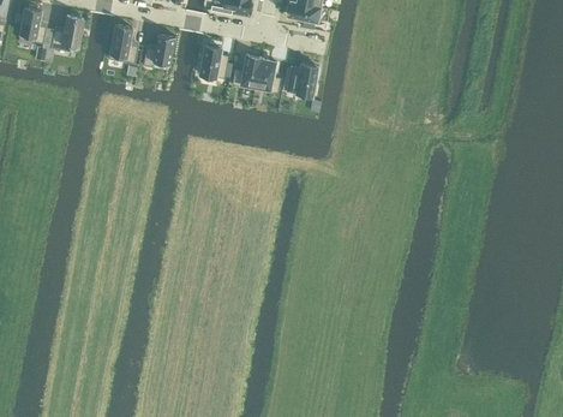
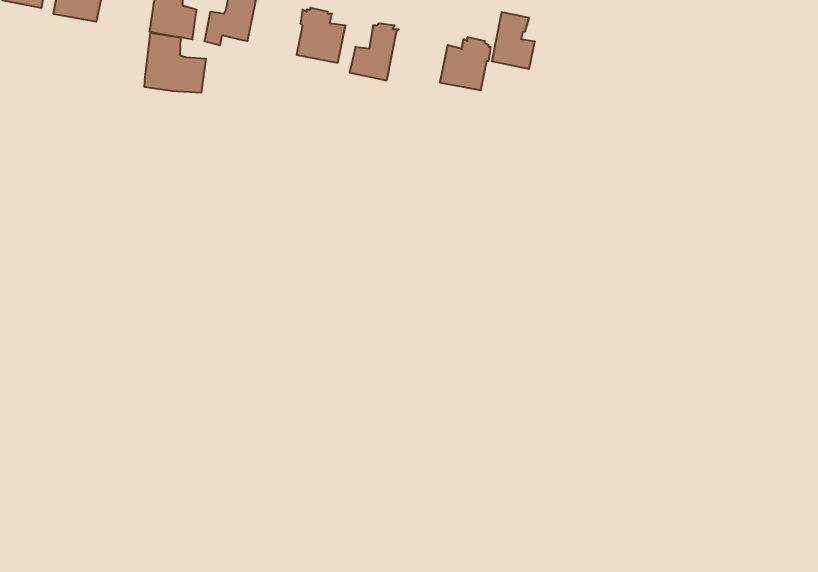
building: [253,58,280,93] -> [492,12,535,69]
building: none -> [144,33,206,93]

